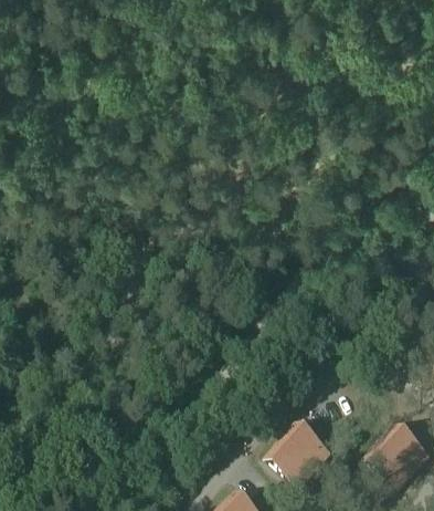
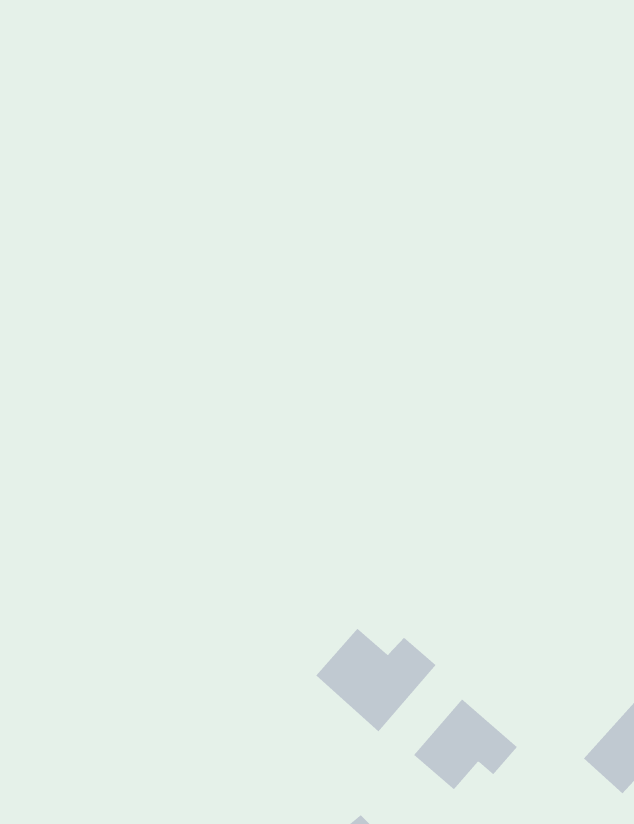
building: none -> [315,628,437,732]

